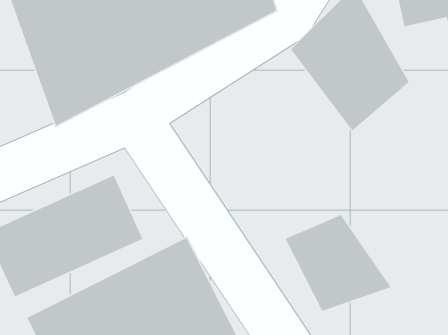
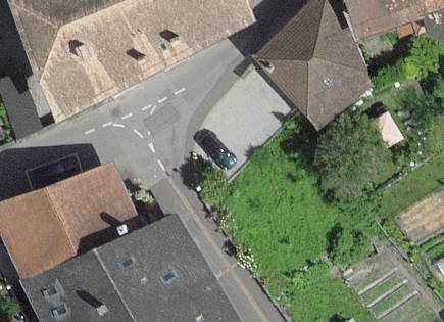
building: [285,214,392,312] -> none

